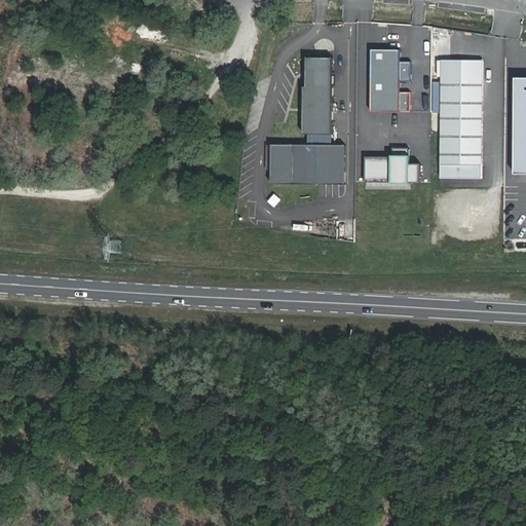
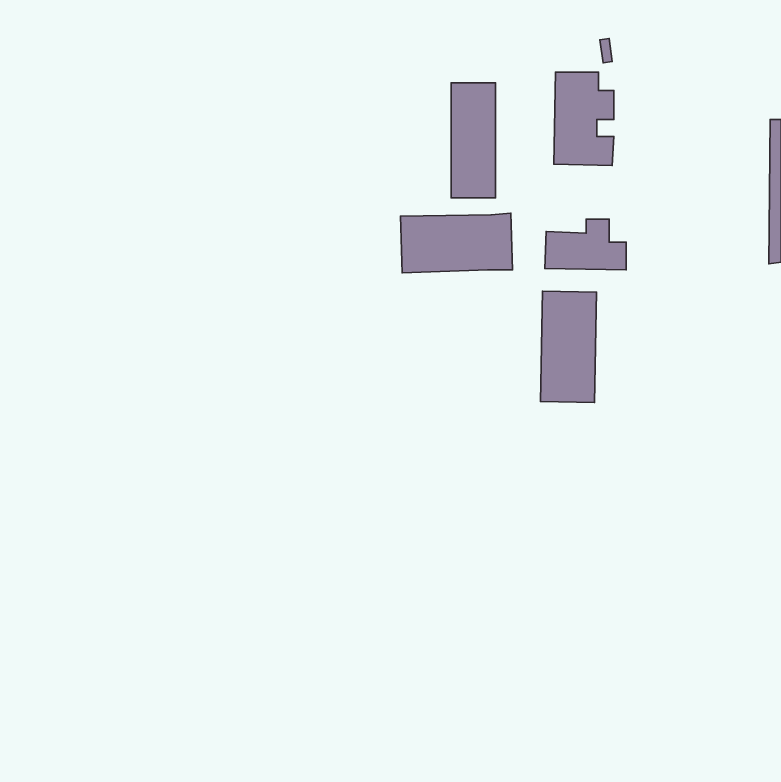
building: [439,60,480,179] -> none
building: none -> [541,291,597,402]

